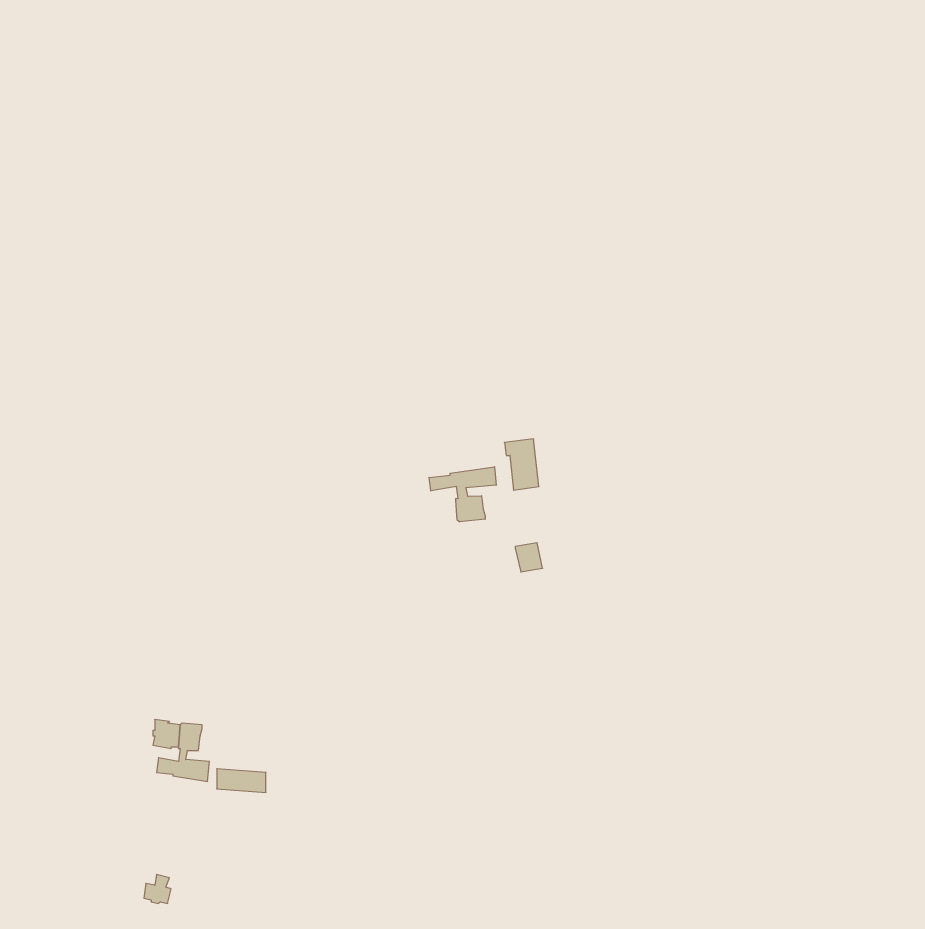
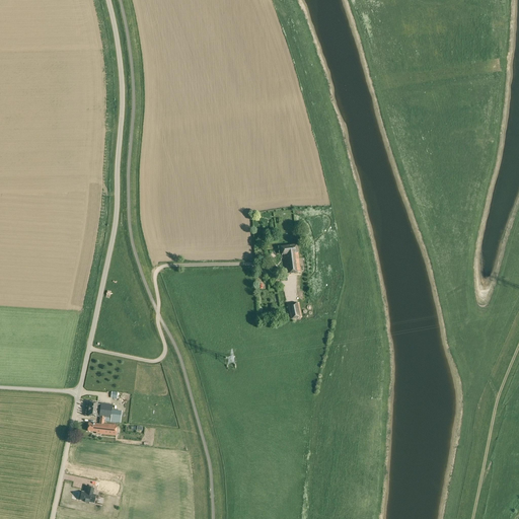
building: [429,467,496,522] -> none

